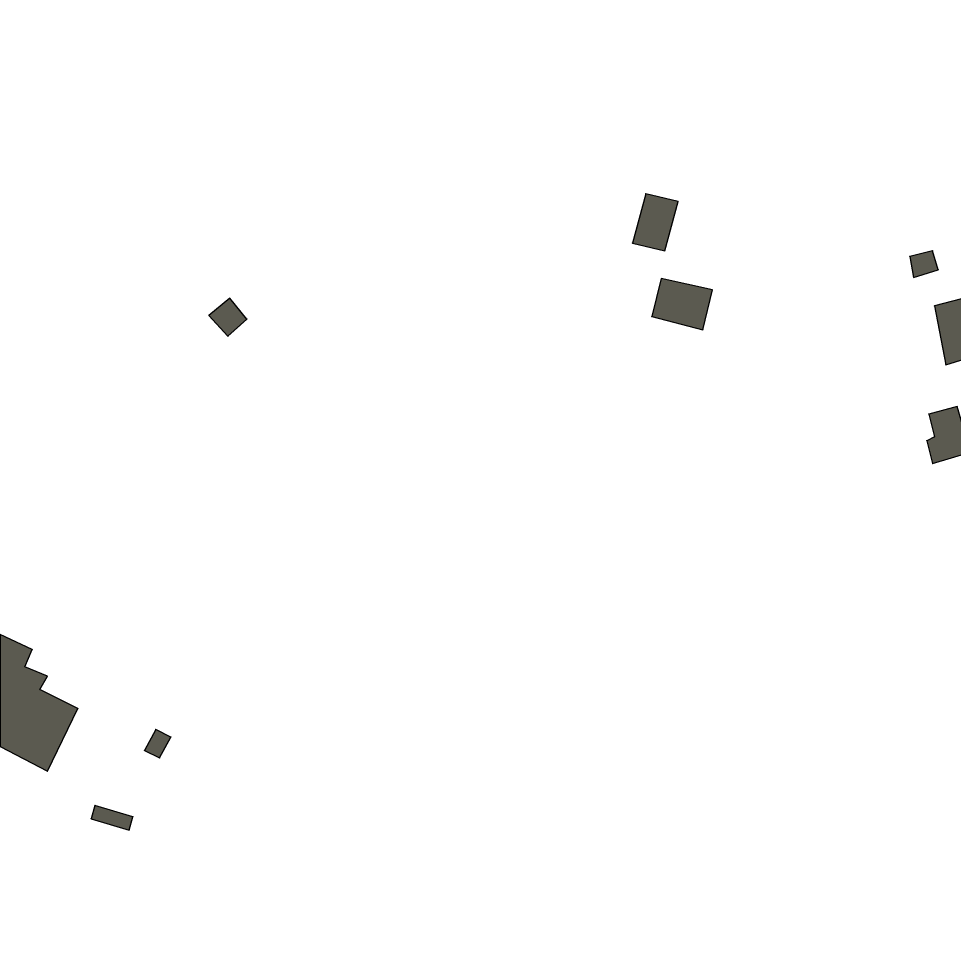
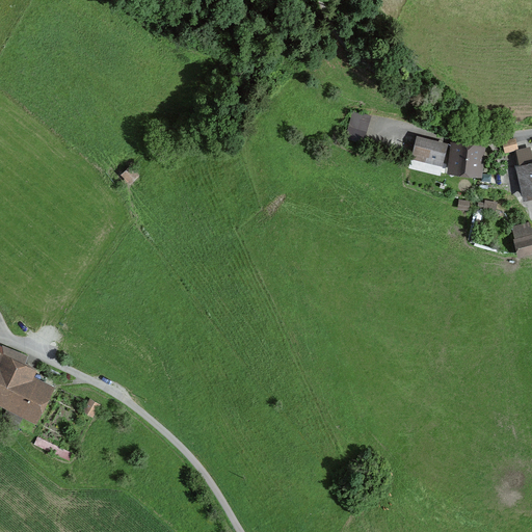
building: none -> [448,144,482,177]
building: [652,279,712,330] -> [410,137,444,165]

